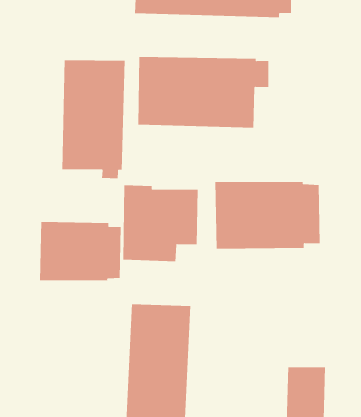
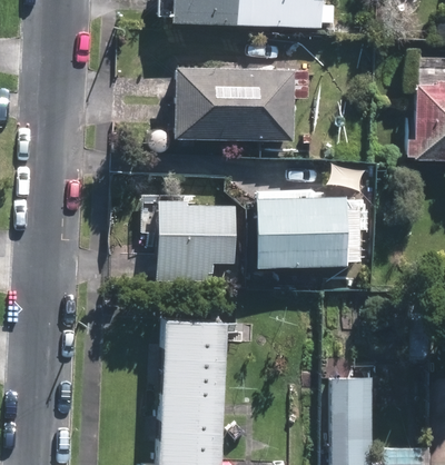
building: [62,59,125,179] -> none
building: [39,221,121,281] -> none

